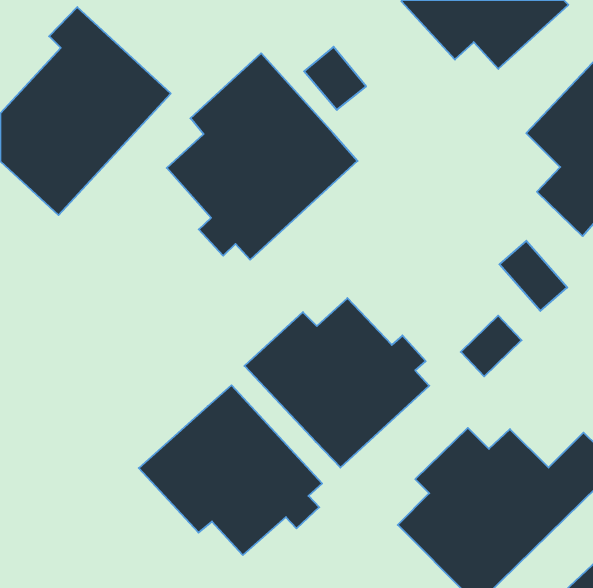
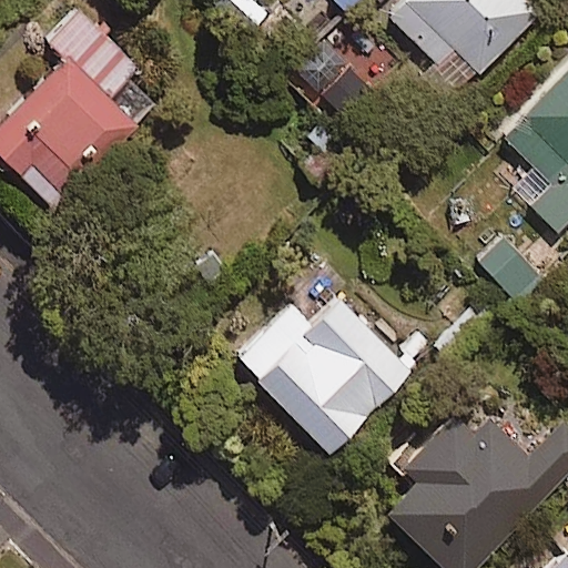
building: [167,53,358,260] -> none
building: [139,385,322,555] -> none

